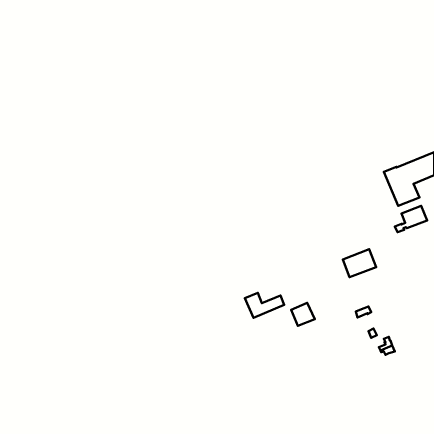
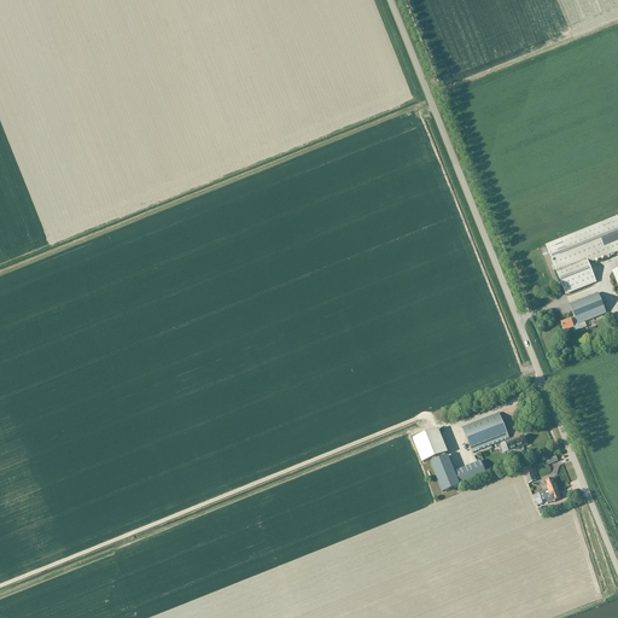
building: [343,249,376,277] -> [461,412,508,451]
building: [245,293,284,318] -> [430,456,485,491]

